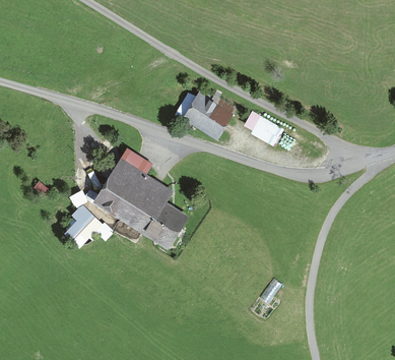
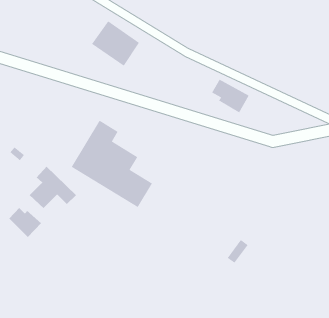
building: [176,92,226,139] -> [91,20,140,66]
building: none -> [8,207,42,238]

